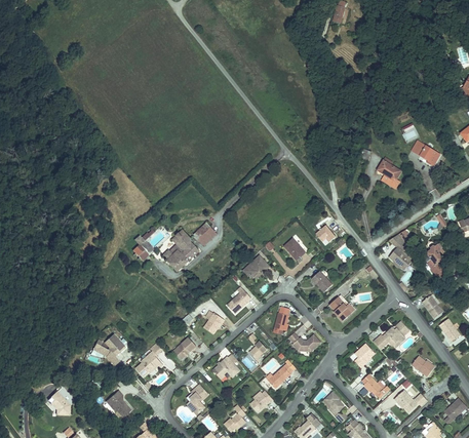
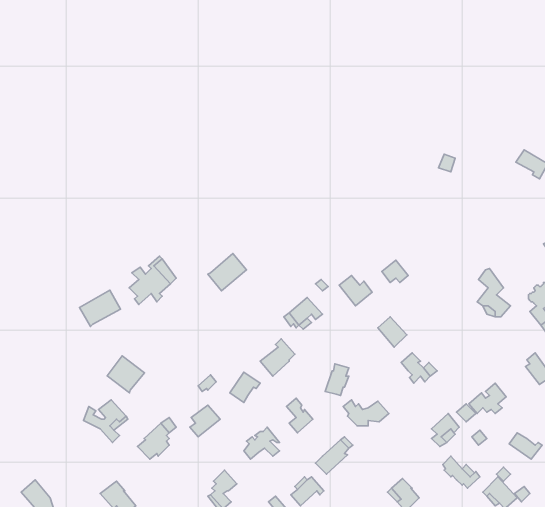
building: [376,159,399,191] -> none
building: [161,229,197,269] -> none
building: none -> [80,290,121,326]
building: none -> [107,356,144,393]

